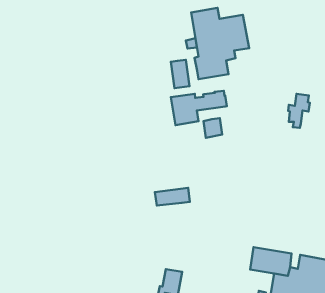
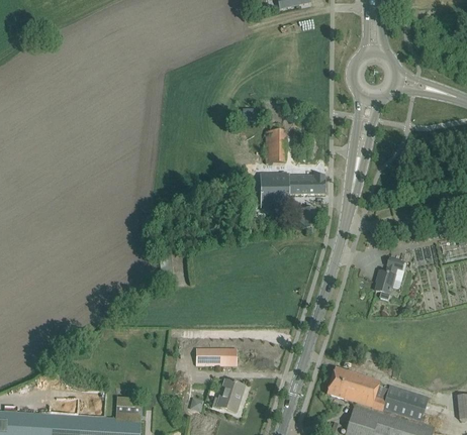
building: [191,8,249,79] -> none
building: [288,94,310,128] -> [376,257,404,299]
building: [155,188,190,205] -> [196,347,237,364]

